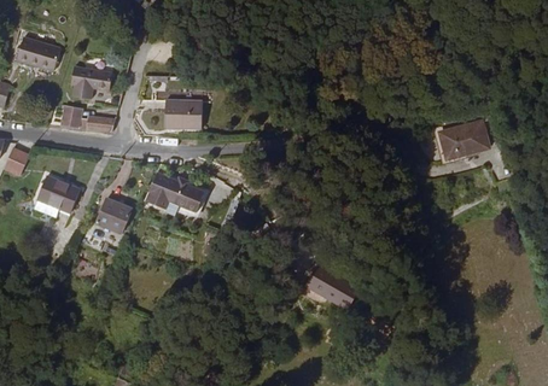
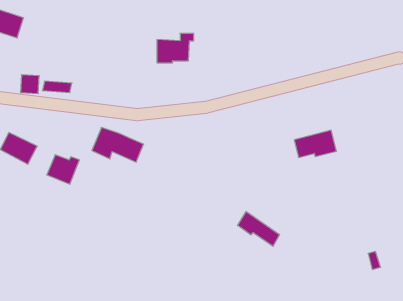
building: [75,63,112,94] -> none
building: [165,98,208,131] -> [157,33,194,63]
building: [441,125,489,157] -> [294,130,336,158]

